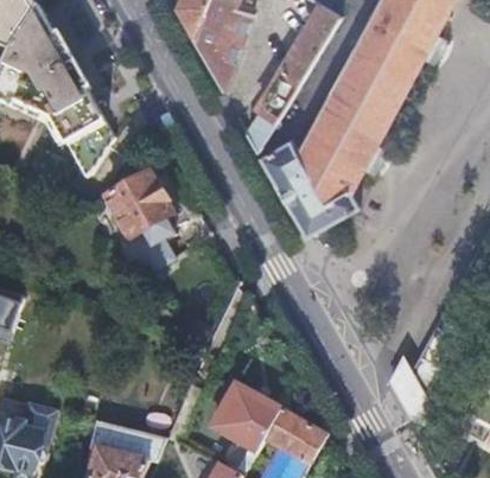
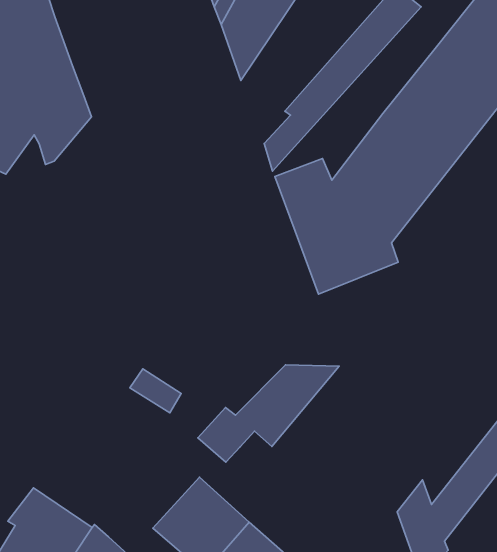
building: [116,170,177,250] -> none
building: none -> [198,365,339,462]

